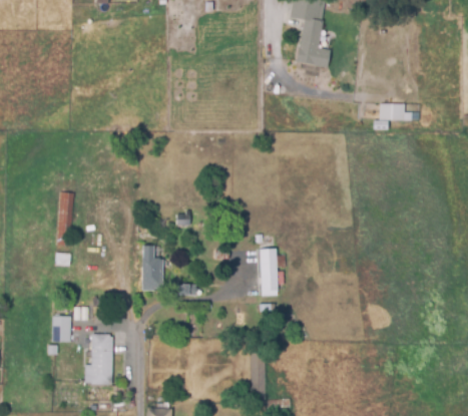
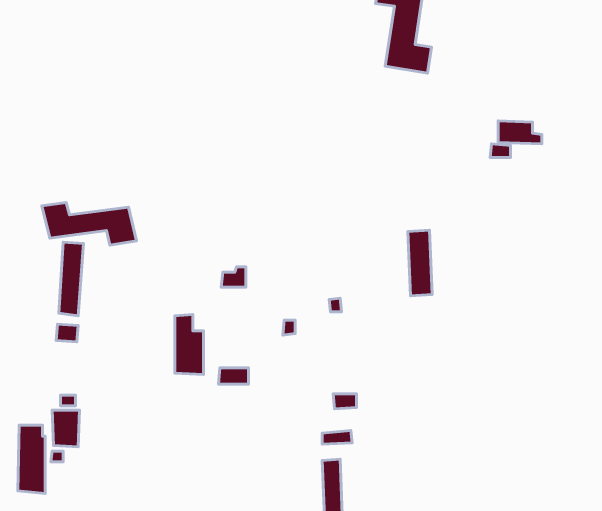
building: none -> [42,202,137,245]
building: [259,247,277,295] -> [408,230,432,296]
building: [91,334,111,384] -> [18,425,45,493]

